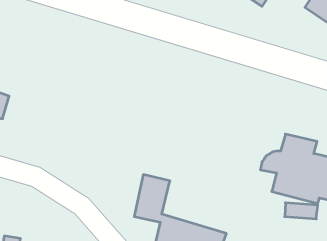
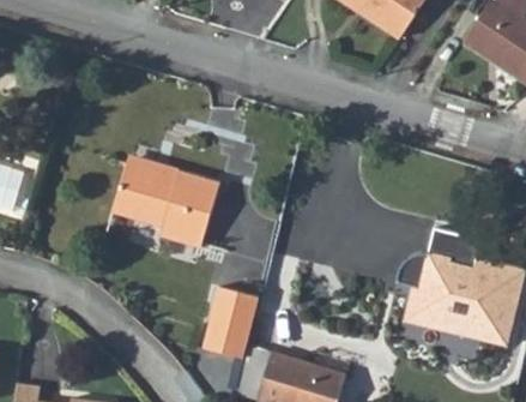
building: none -> [111,161,220,247]

